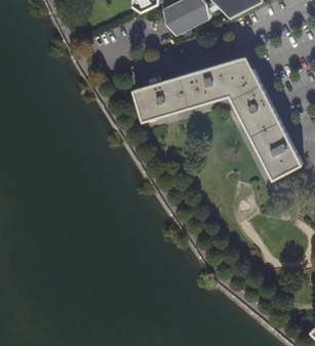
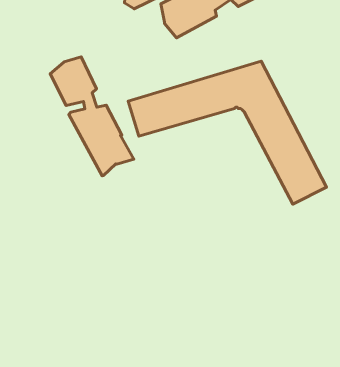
building: none -> [50,57,134,176]

